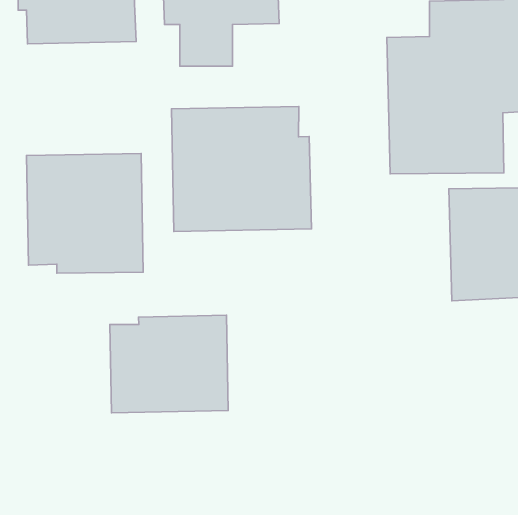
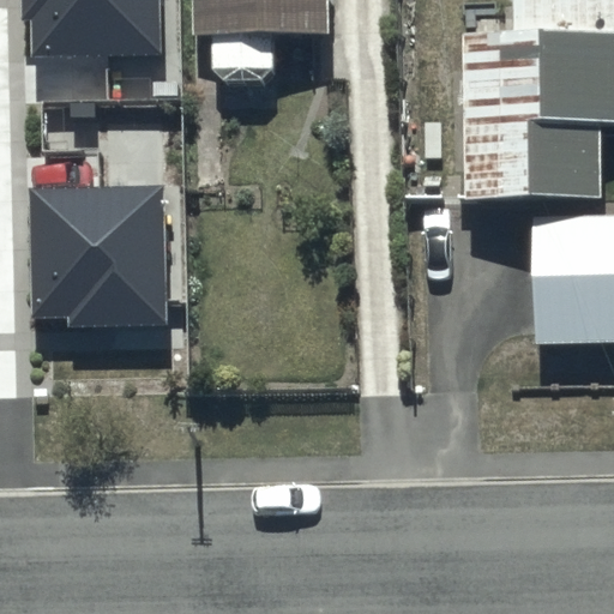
building: [172,107,311,231] -> none
building: [110,315,228,413] -> none

